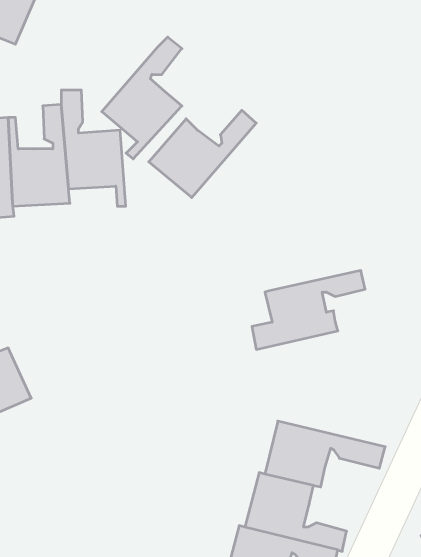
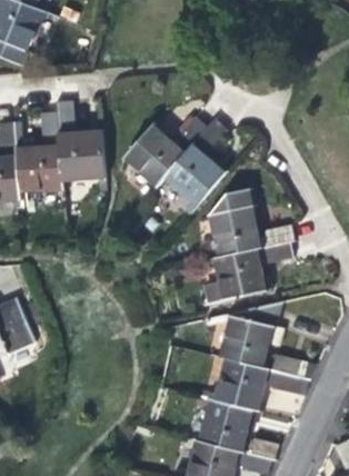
building: [102,37,182,159] -> [164,119,227,214]
building: none -> [209,189,293,257]
building: none -> [220,301,312,378]

